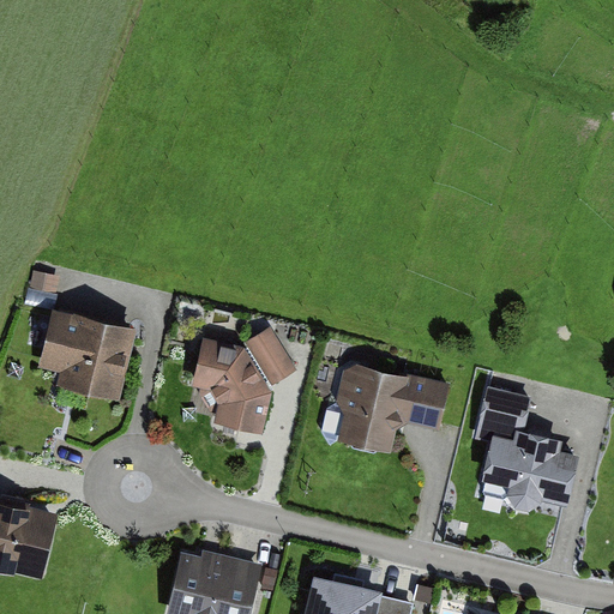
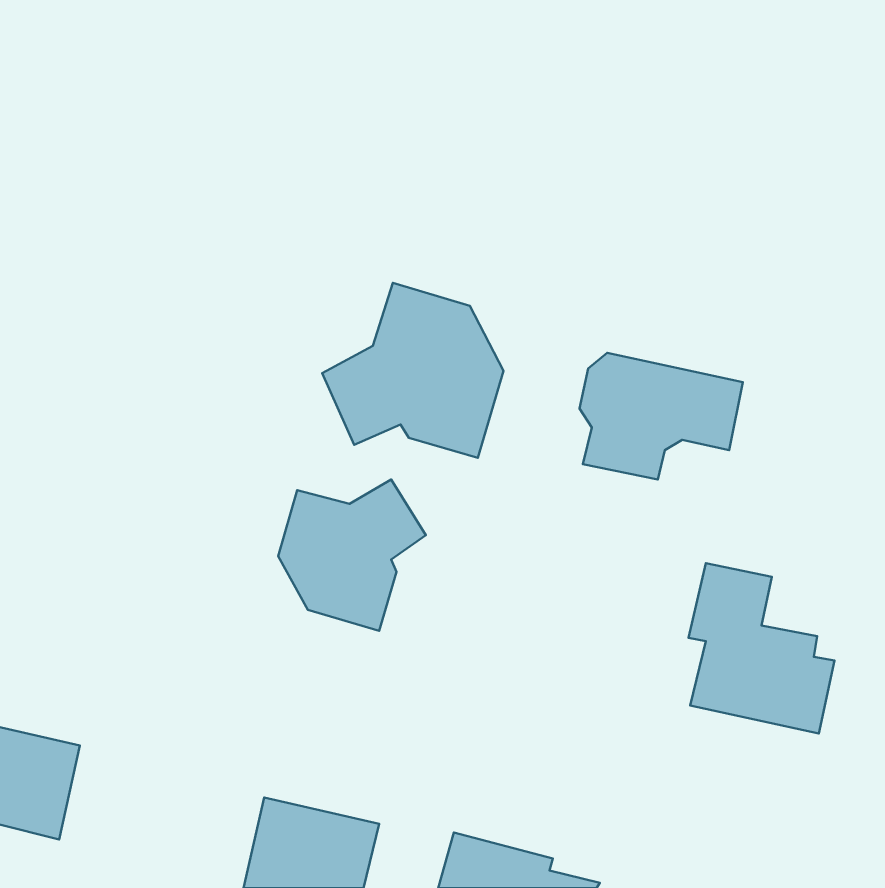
building: none -> [322,283,503,458]
building: [37,309,136,404] -> none
building: [335,360,447,447] -> [580,353,743,480]

